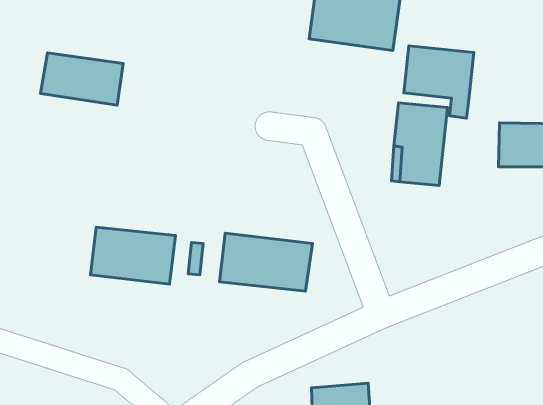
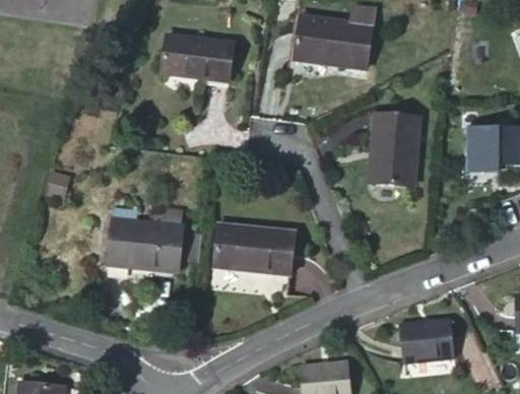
building: [404,46,474,118] -> none
building: [41,53,123,105] -> [156,34,229,79]
building: none -> [402,333,453,372]

